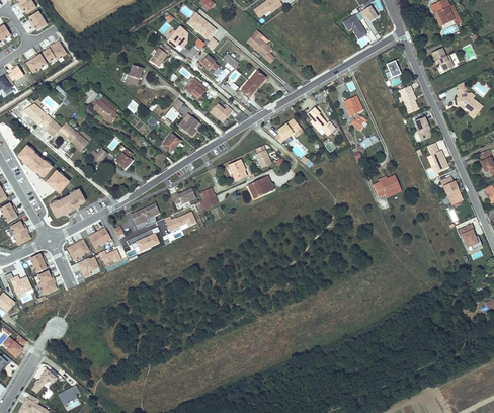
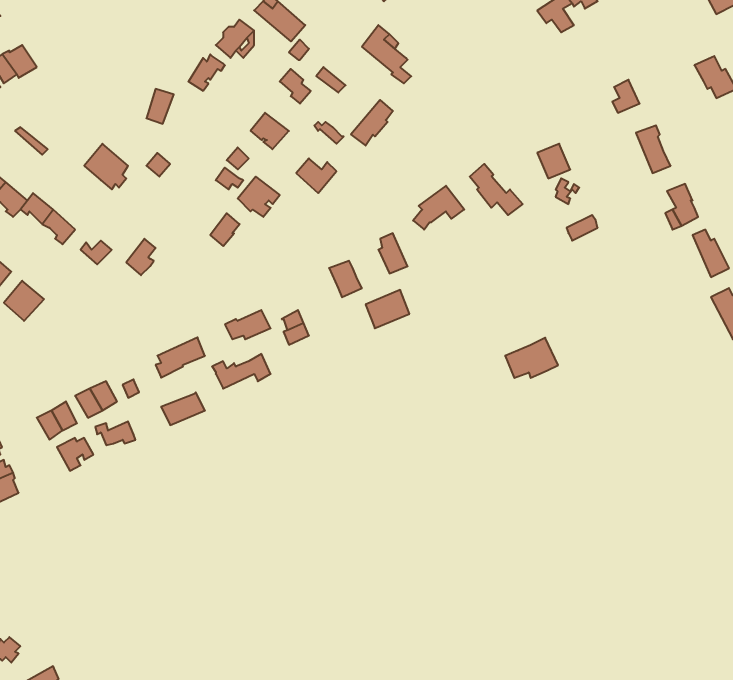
building: [372,174,401,196] -> [505,338,558,378]
building: [52,189,86,218] -> none

